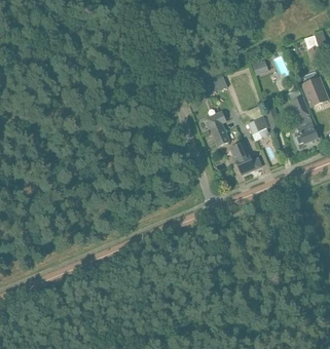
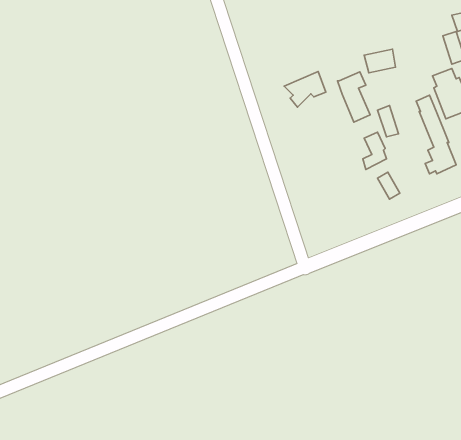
building: [206,112,228,147] -> [338,72,370,122]
building: [231,144,260,174] -> none

